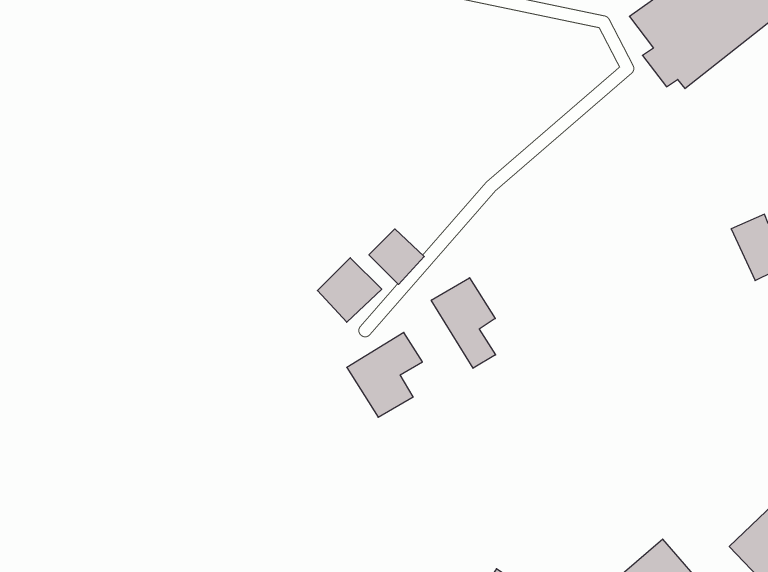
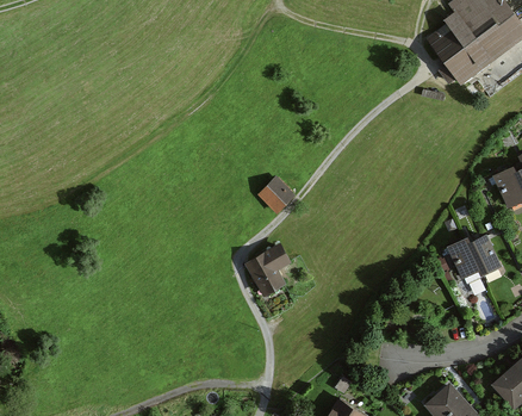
building: [317,258,382,322] -> none
building: [431,278,496,368] -> none
building: none -> [447,234,501,277]

